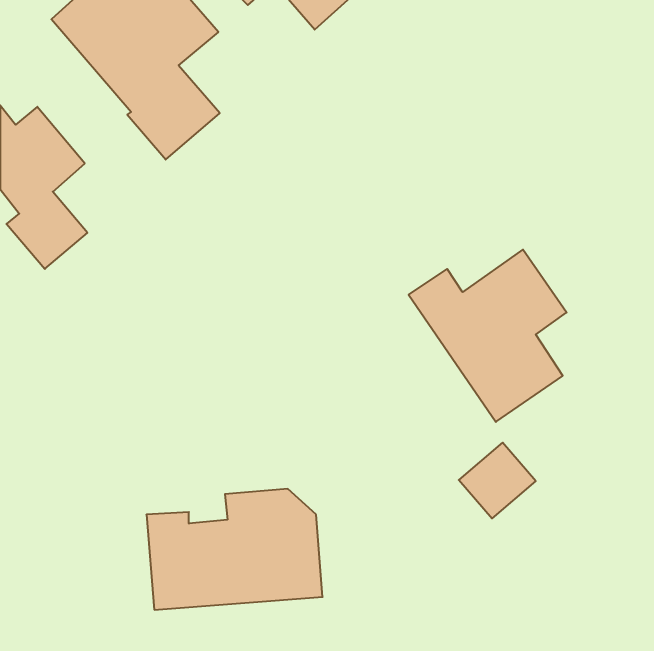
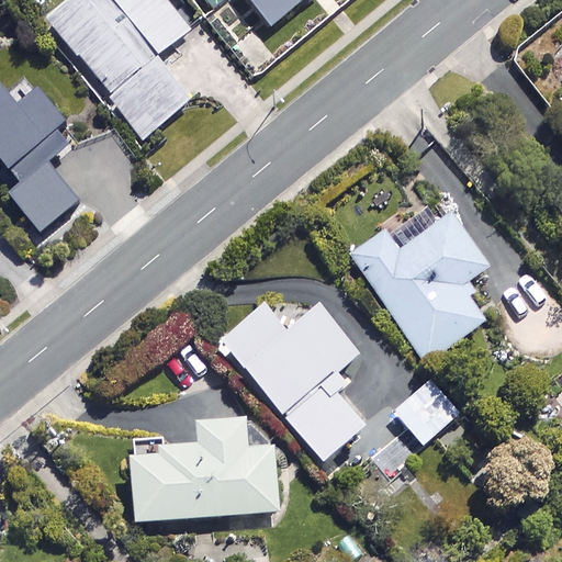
building: none -> [218,303,363,461]

